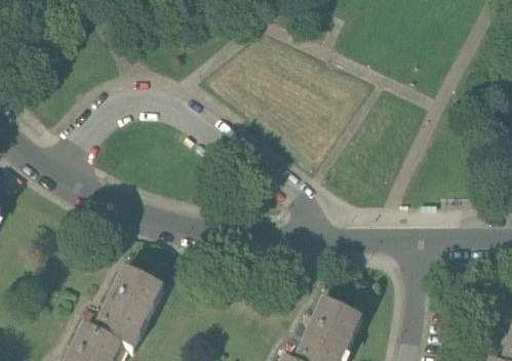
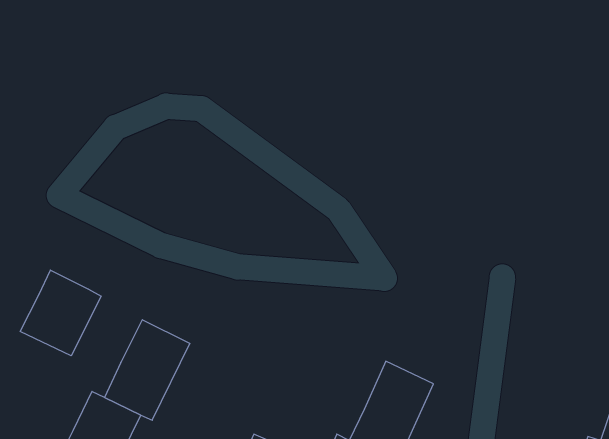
building: none -> [20,270,101,356]

